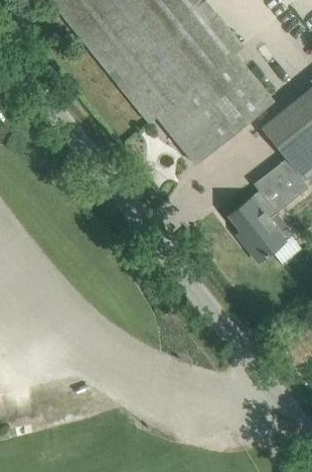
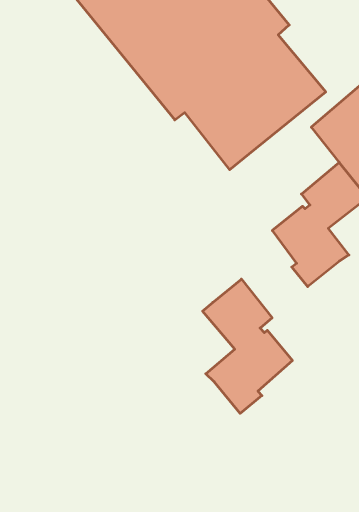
building: none -> [203,279,292,413]

